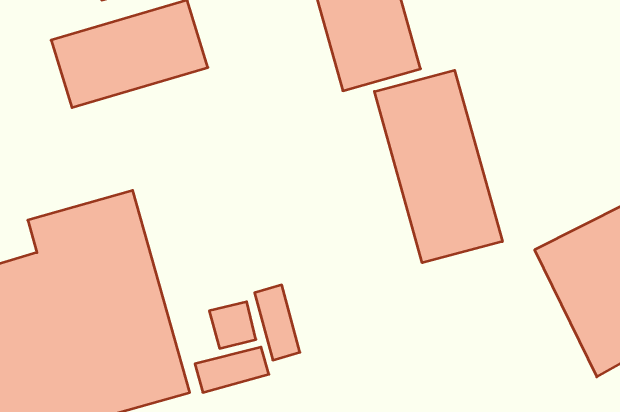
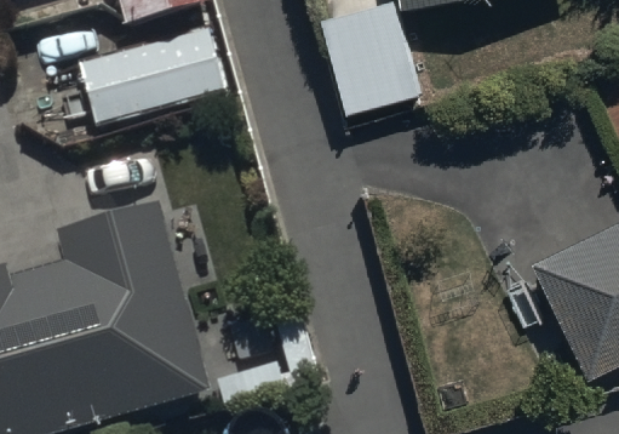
building: [374,70,502,263] -> none

